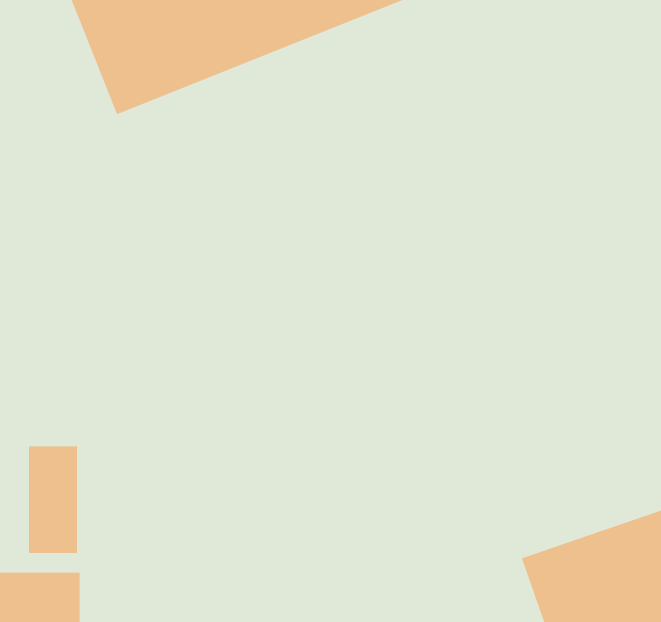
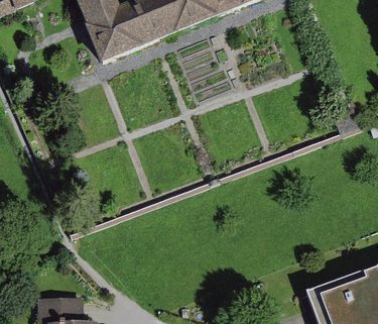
building: [28,446,78,554] -> none

